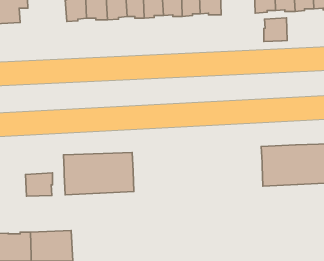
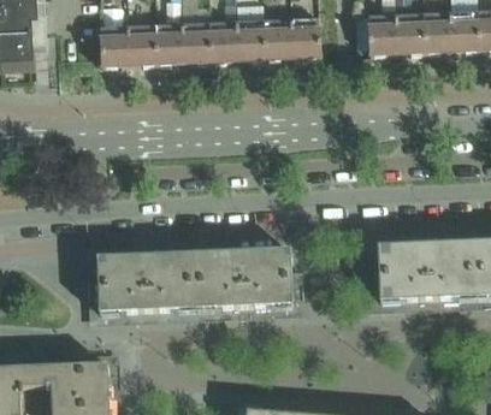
building: [264,18,287,42] -> none
building: none -> [194,248,292,308]
building: [26,173,53,196] -> none

